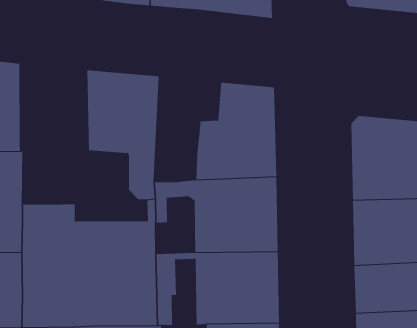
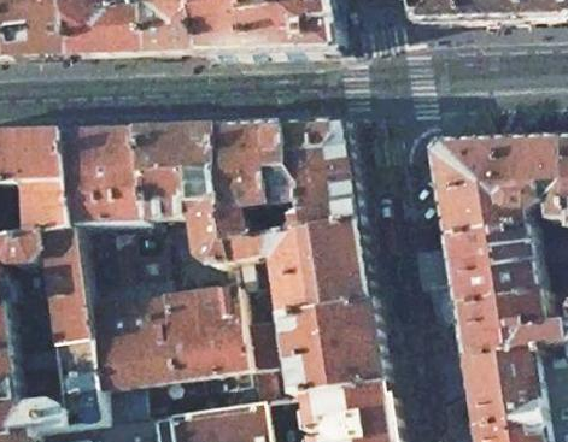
building: none -> [58,129,154,285]
building: none -> [212,123,282,242]

